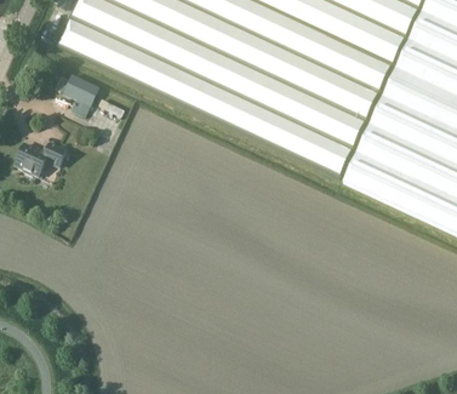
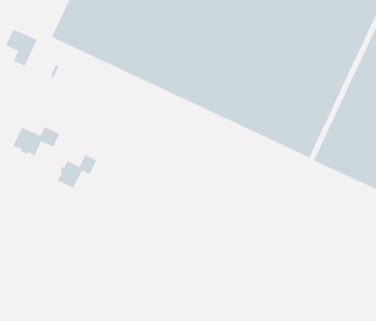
building: [64,73,99,114] -> [5,29,37,66]
building: none -> [57,155,97,189]

